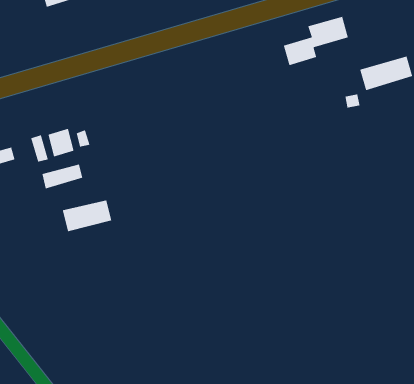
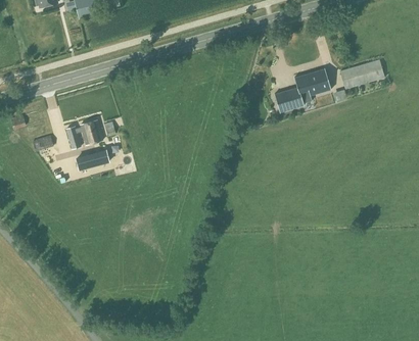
building: [283,16,349,66] -> [275,69,330,111]
building: [62,199,112,232] -> none

